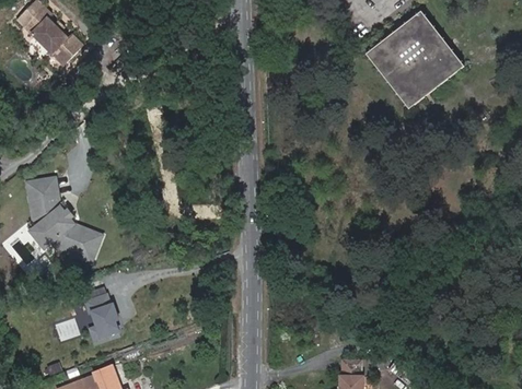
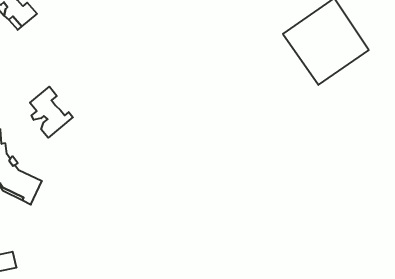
building: none -> [30,87,73,138]
building: [85,292,124,341] -> none

